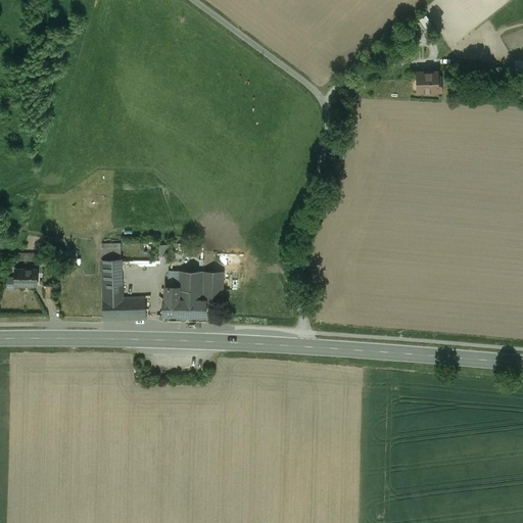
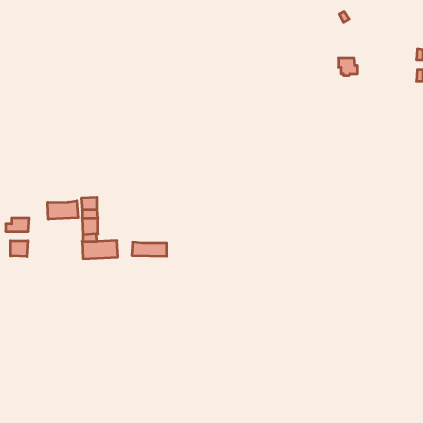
building: none -> [48,201,78,219]
building: [168,270,222,300] -> none
building: none -> [10,241,28,257]

